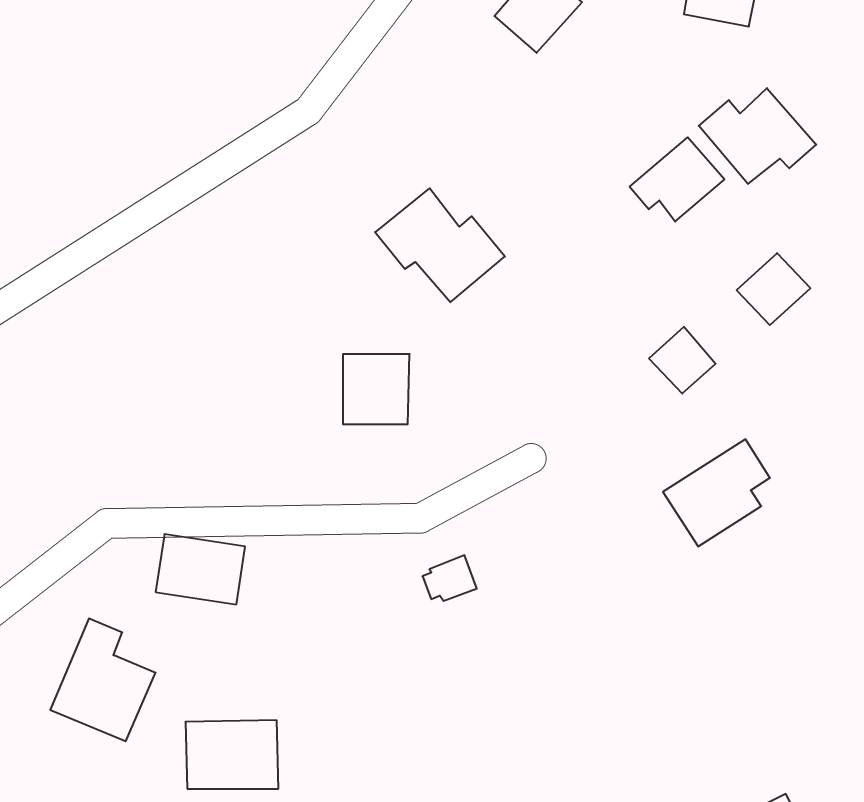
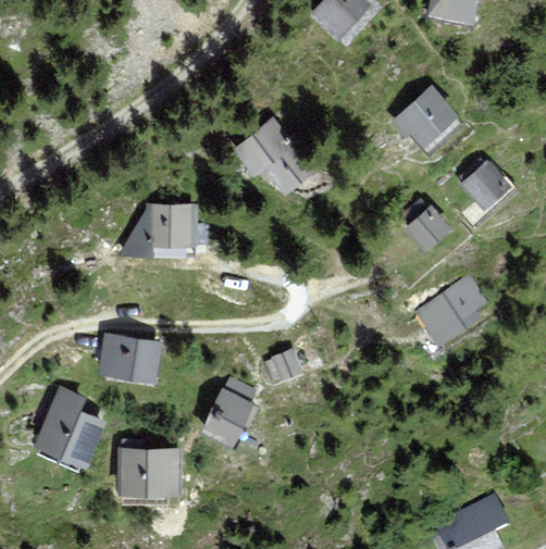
building: [699,88,816,184] -> none
building: [343,354,410,424] -> [150,207,191,250]
building: none -> [202,390,250,444]

